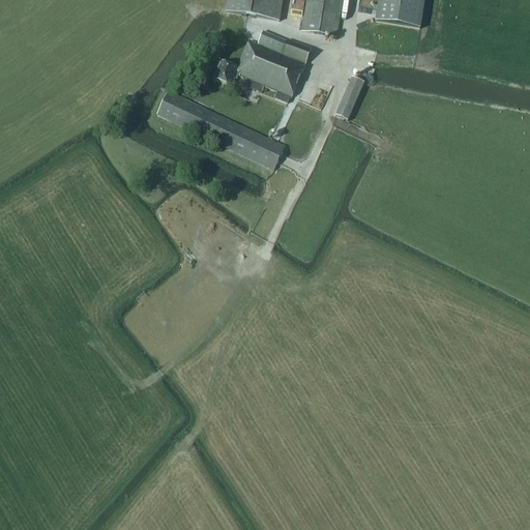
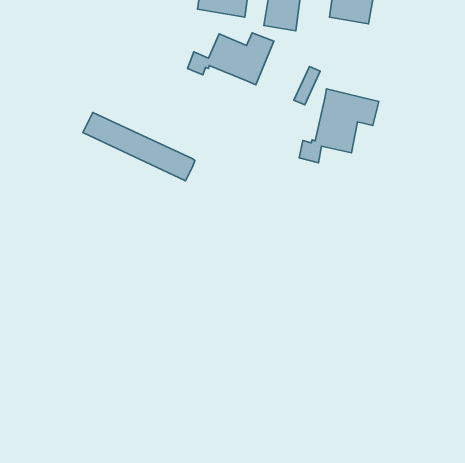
building: [156,90,284,168] -> [83,112,195,181]
building: none -> [299,89,379,163]

